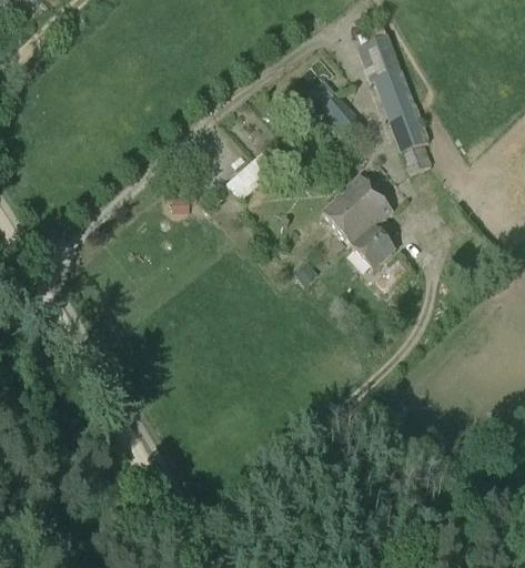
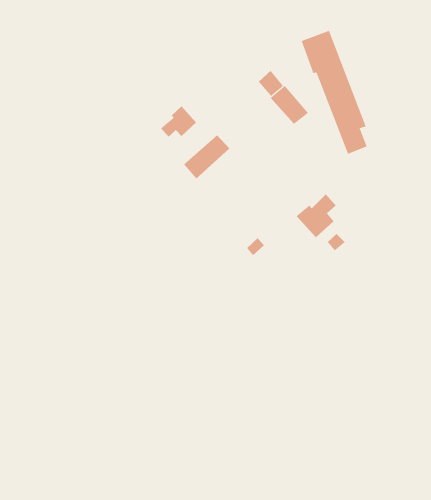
building: none -> [160,105,197,137]
building: [321,174,391,242] -> none

